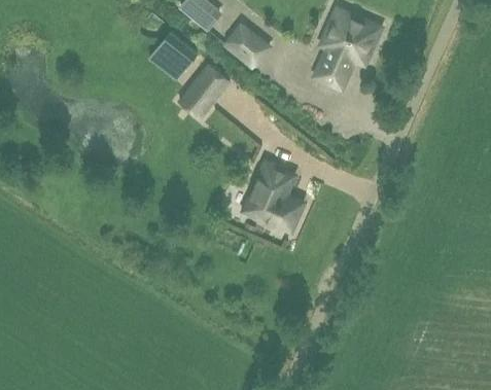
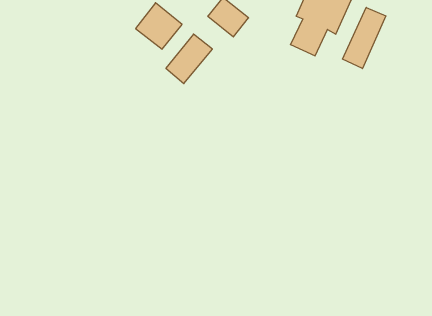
building: none -> [343,7,386,69]
building: [243,158,303,227] -> none

